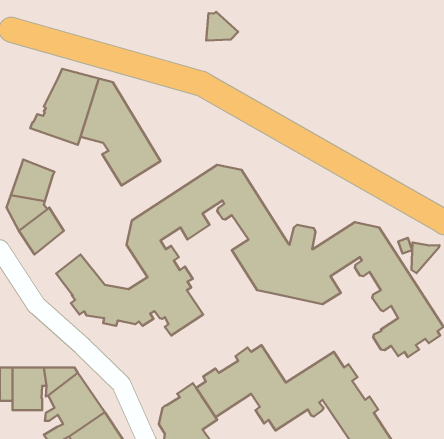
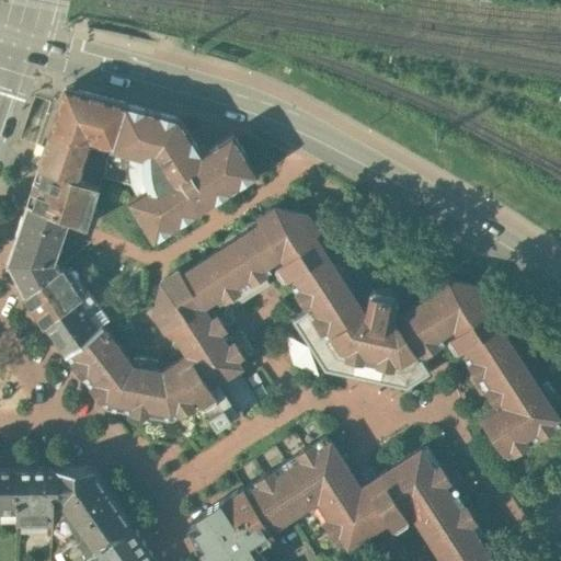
building: [206,12,238,41] -> none
building: none -> [142,111,257,210]
building: none -> [27,169,99,230]
building: none -> [44,294,108,356]
building: [412,243,440,273] -> none

